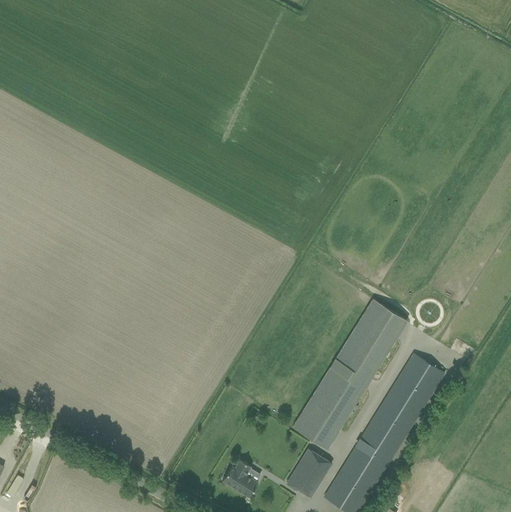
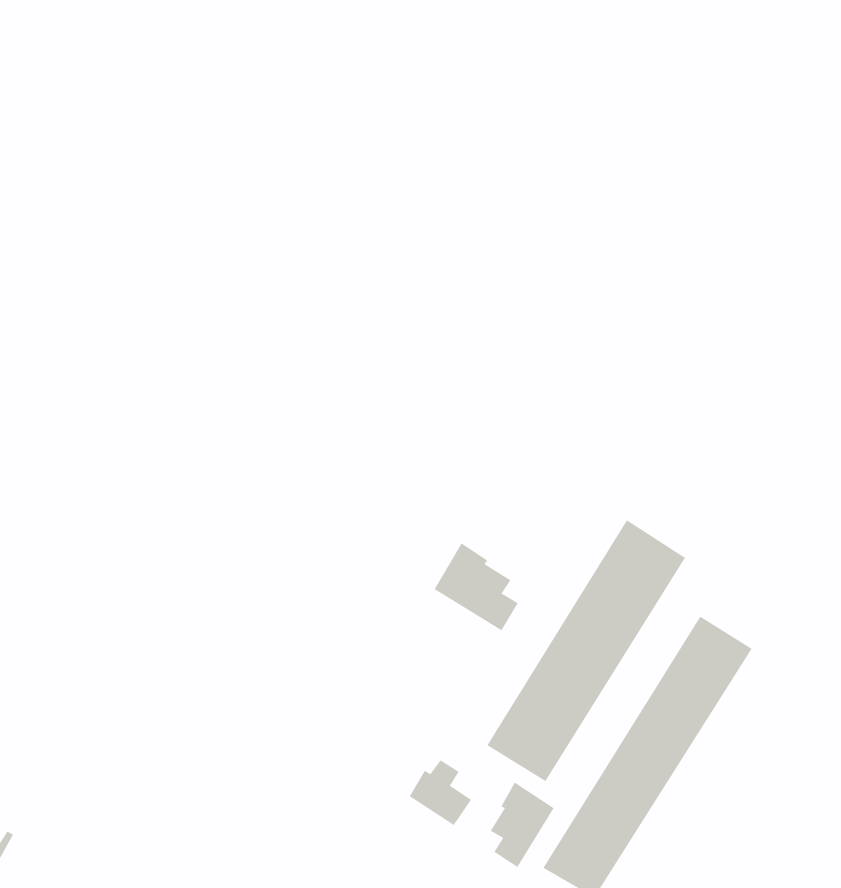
building: none -> [434,542,518,631]
building: [222,460,258,498] -> [409,759,472,826]

